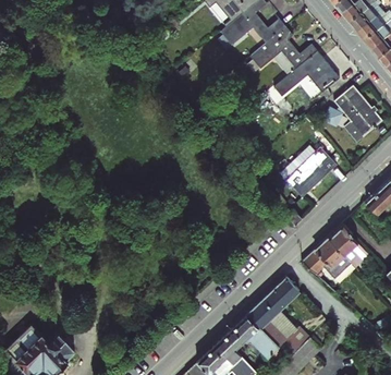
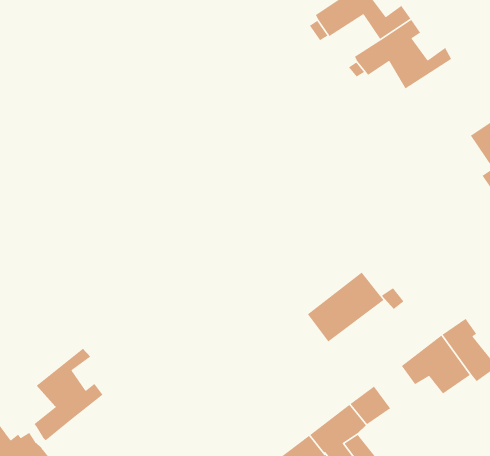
building: [273,51,339,94] -> none
building: [285,147,337,197] -> [307,272,385,342]
building: none -> [34,348,103,441]

